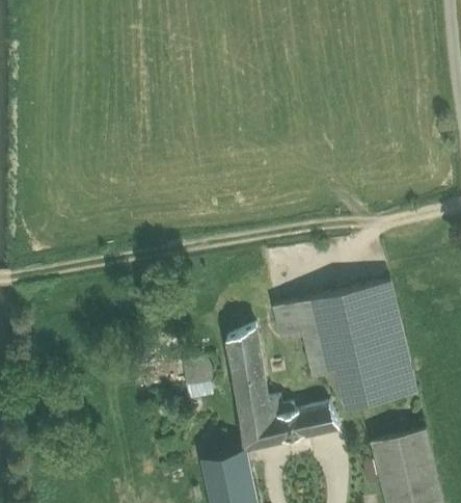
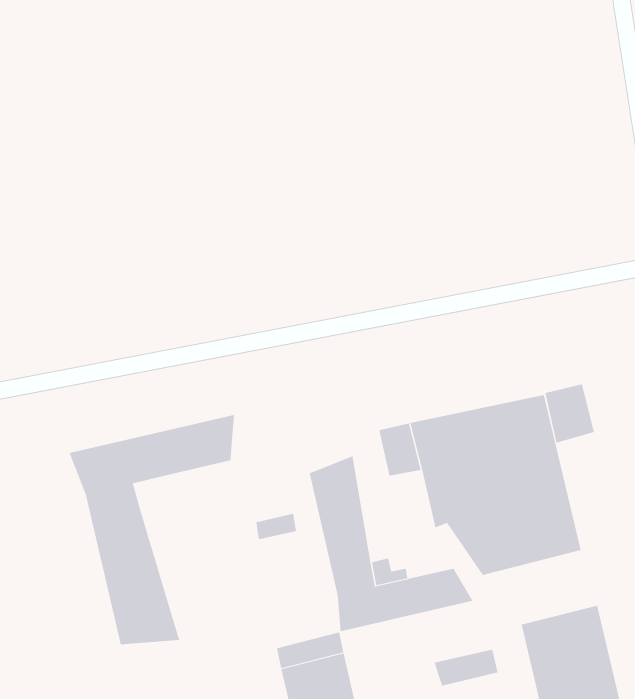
building: none -> [545,383,595,444]
building: none -> [69,414,235,645]
building: none -> [434,649,498,686]

